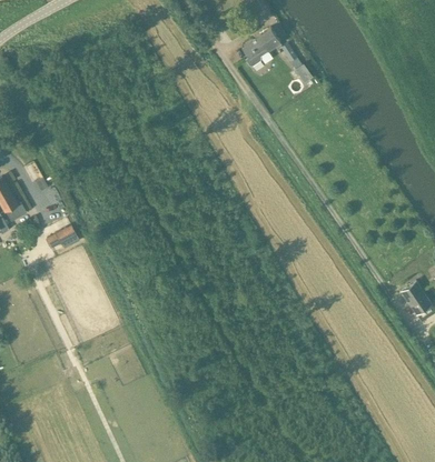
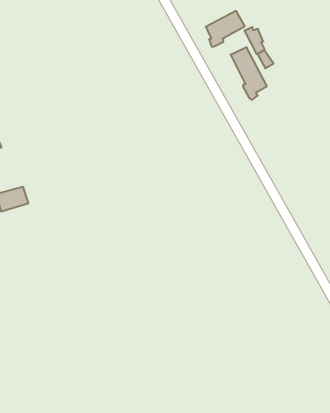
building: none -> [231,47,267,100]

